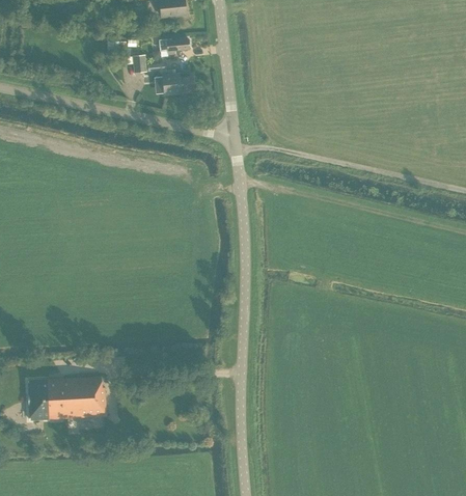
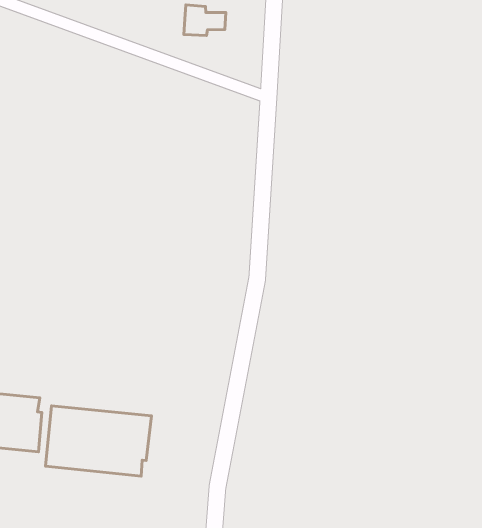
building: none -> [46,406,151,476]

